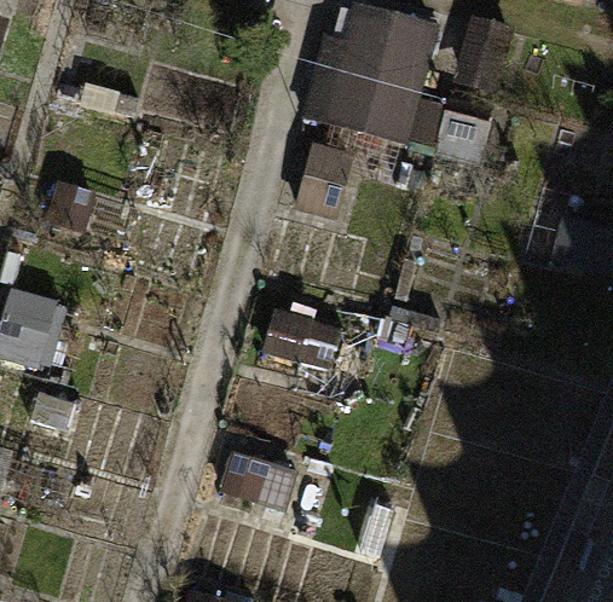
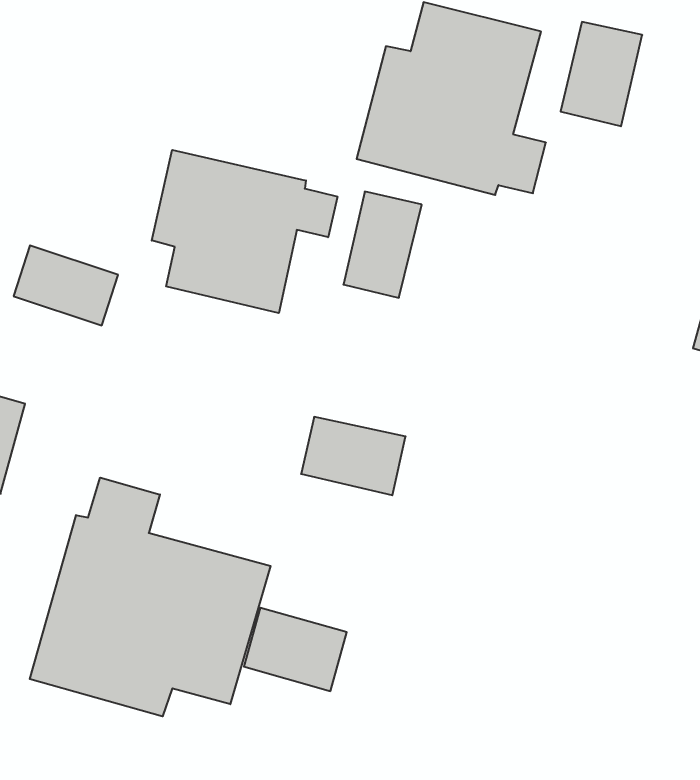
building: none -> [152,150,337,313]
building: none -> [30,478,271,716]

